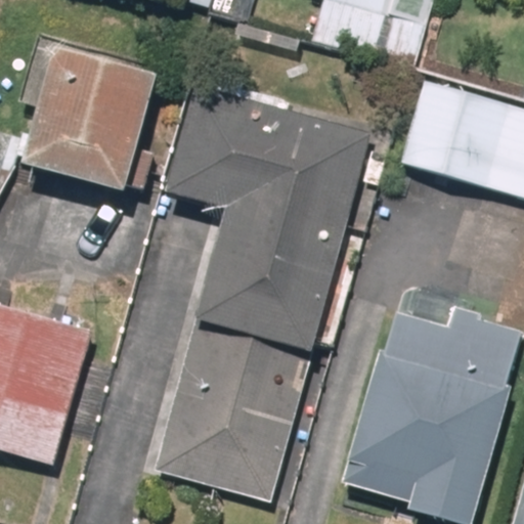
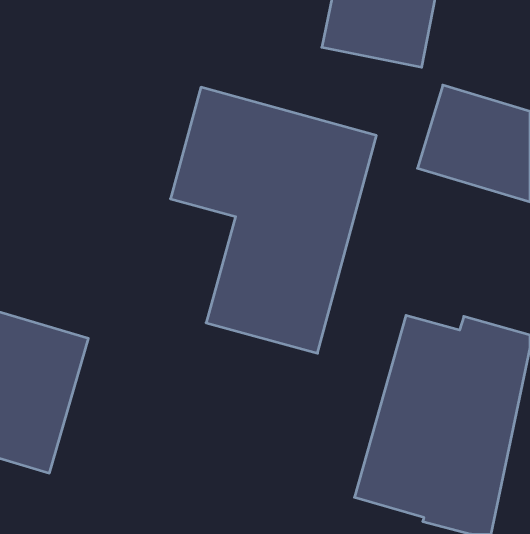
building: [28,44,158,186] -> none
building: [155,332,308,501] -> none

